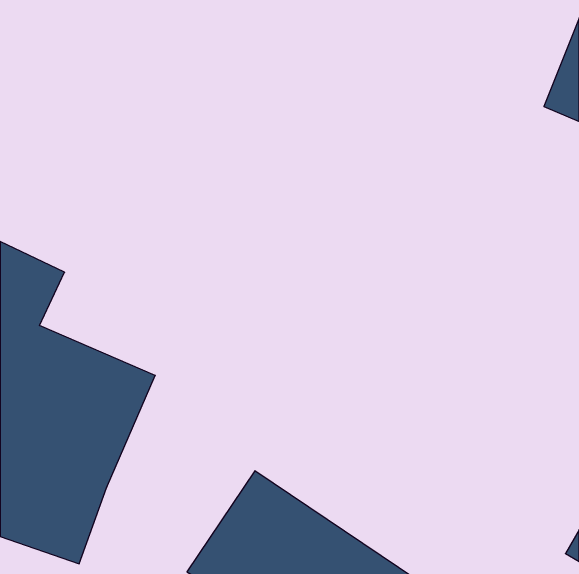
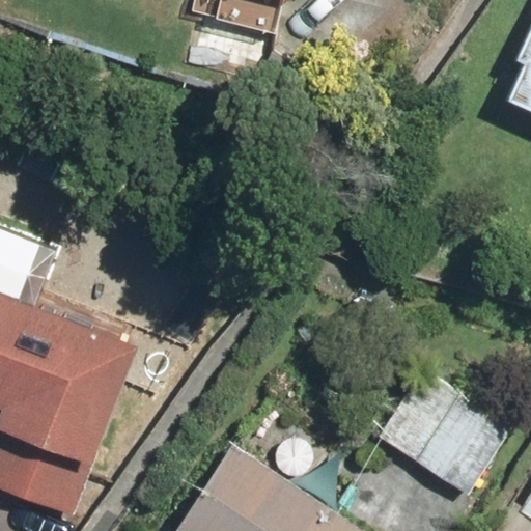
building: none -> [376,362,525,505]

